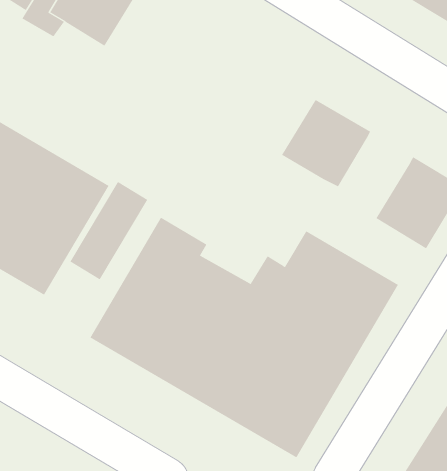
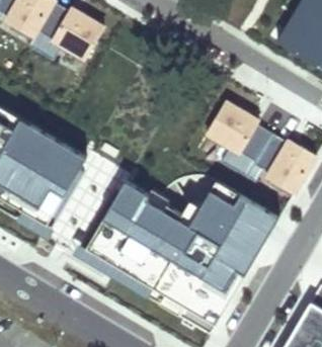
building: none -> [223,126,287,185]

